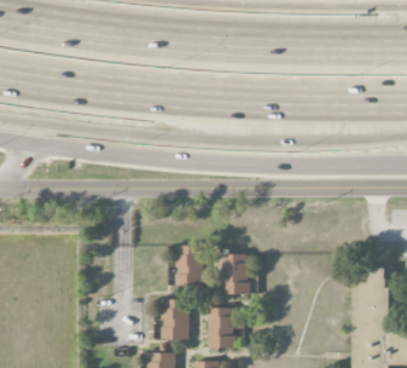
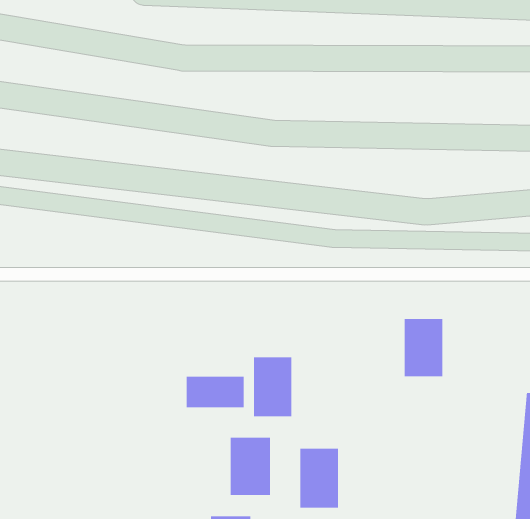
building: [222,252,249,292] -> [404,318,443,377]
building: none -> [186,376,245,408]

